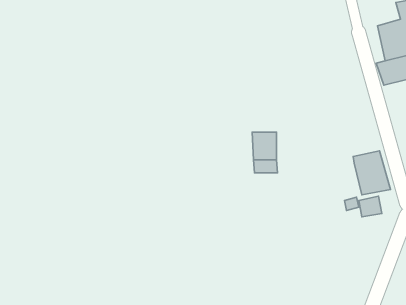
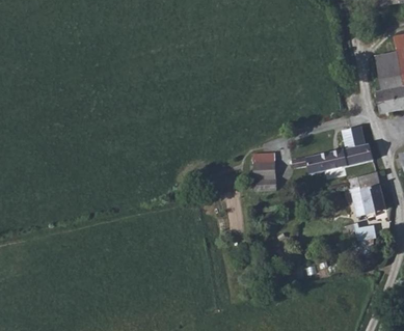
building: none -> [292,127,374,176]

